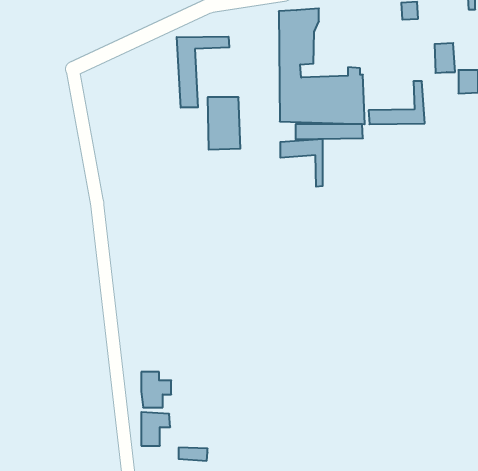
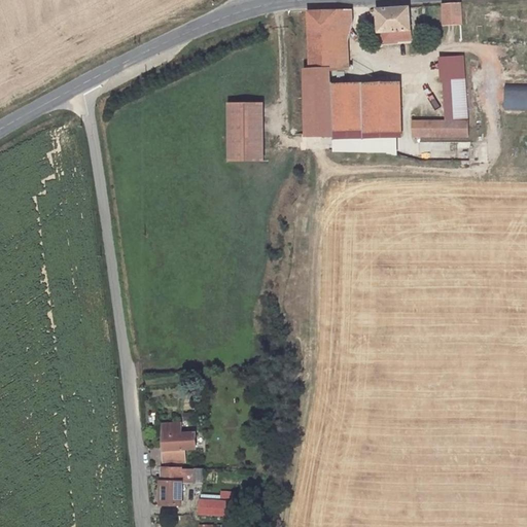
building: none -> [377,5,409,39]
building: [177,37,229,108] -> none
building: [435,43,455,73] -> [442,58,464,91]
building: [280,139,323,187] -> none

